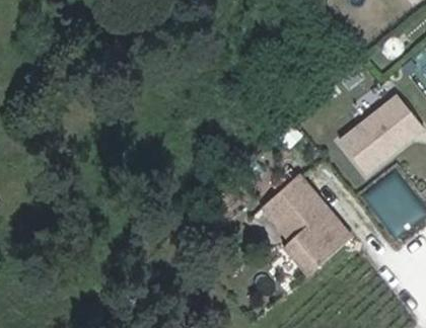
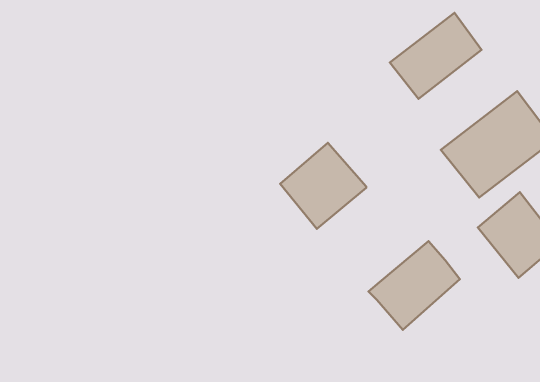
building: none -> [390,13,482,99]
building: [264,175,328,239] -> [280,143,366,229]

